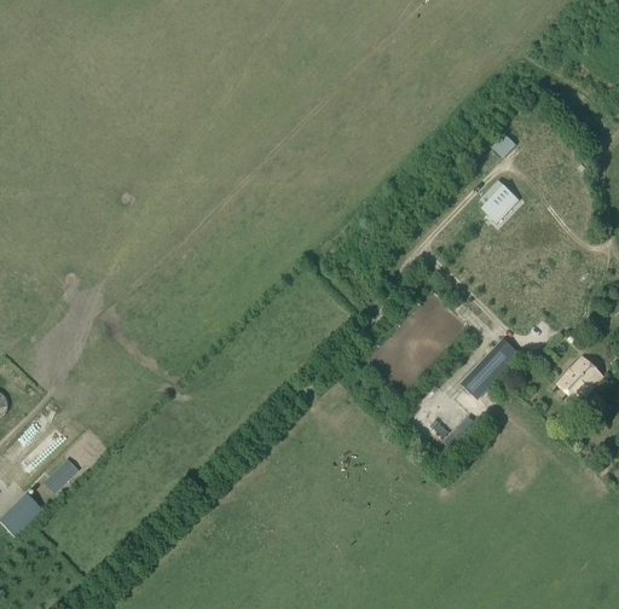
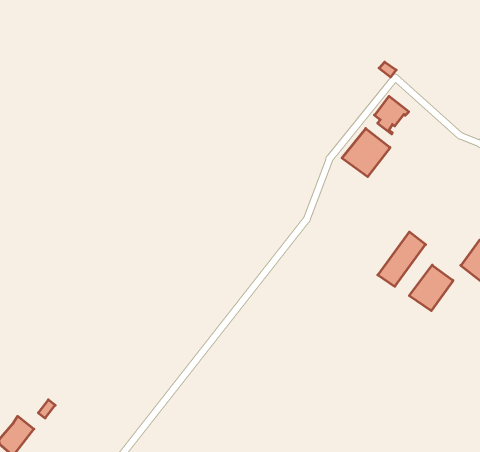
building: none -> [342,128,390,177]
building: none -> [409,265,453,311]

